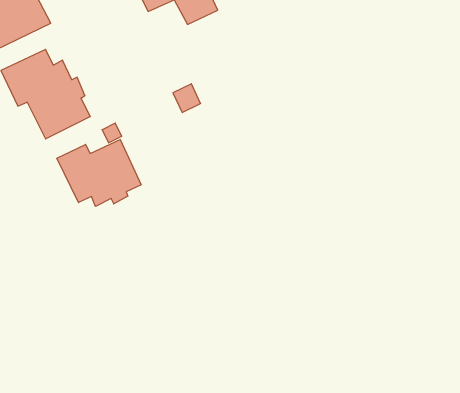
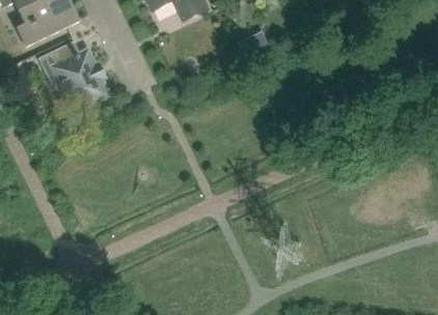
building: [57,140,141,206] -> none

